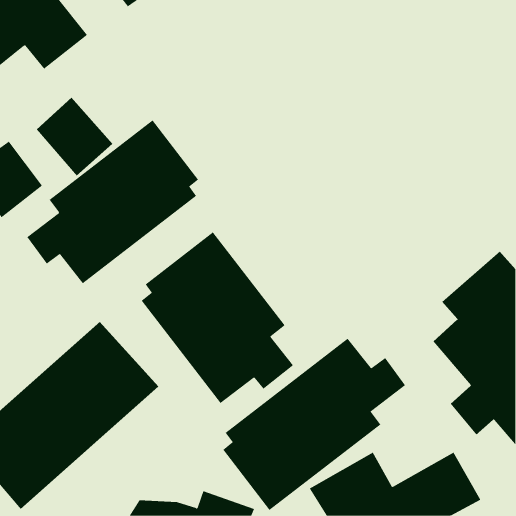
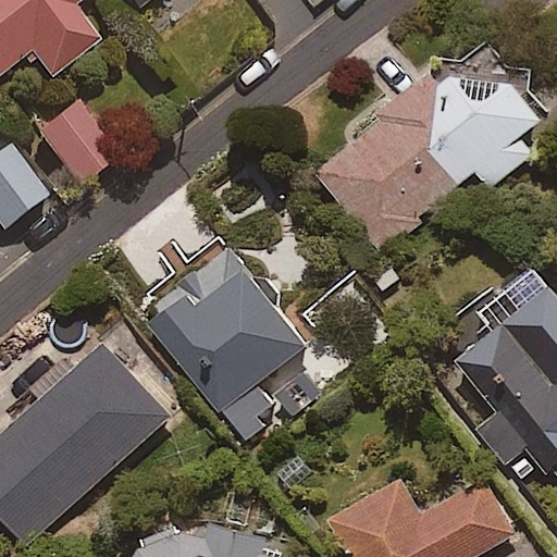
building: none -> [318,46,543,253]
building: [26,119,199,284] -> none
building: [222,338,406,511] -> none

